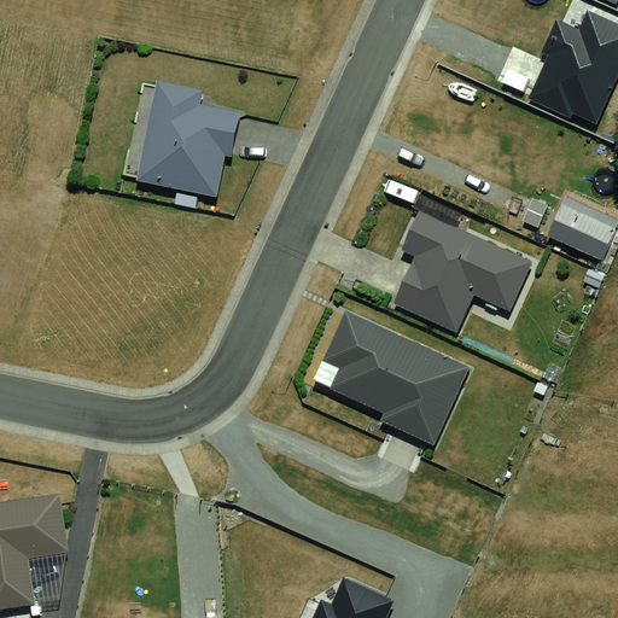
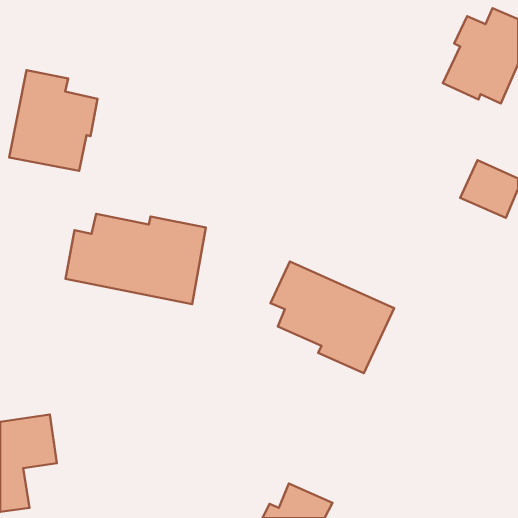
building: [134,78,239,198] -> [9,70,97,171]
building: [393,211,531,333] -> none
building: none -> [66,214,206,304]

